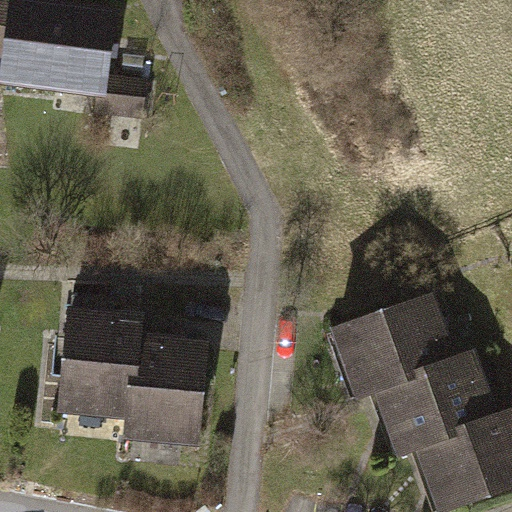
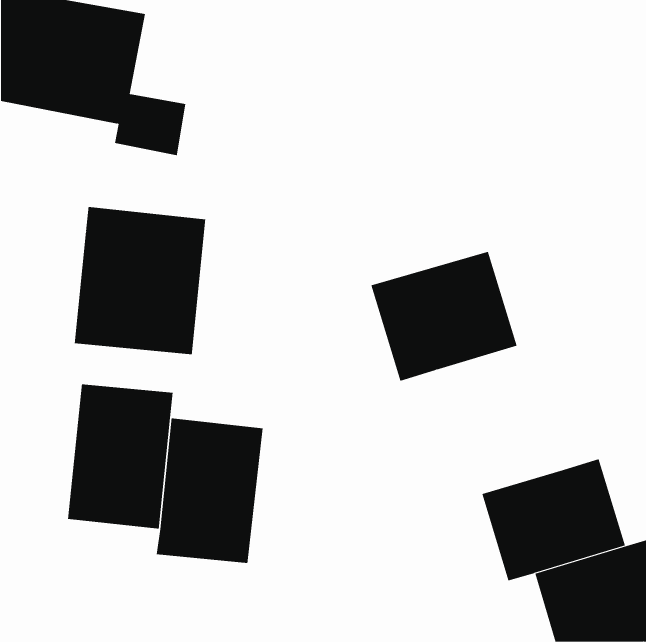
building: none -> [74,206,206,355]
building: [329,296,445,399] -> [371,251,518,381]

